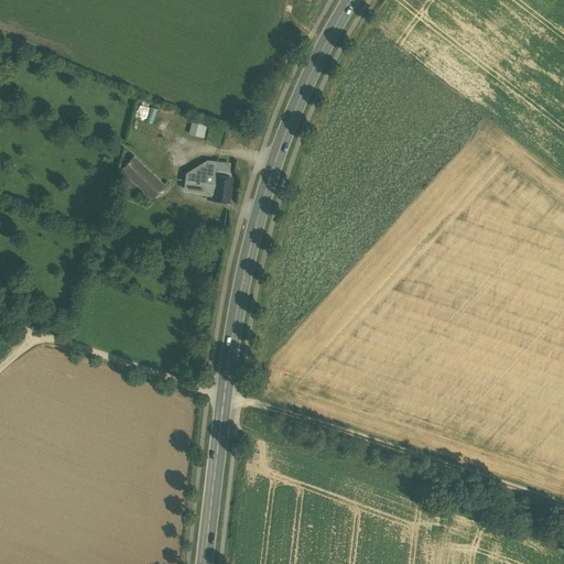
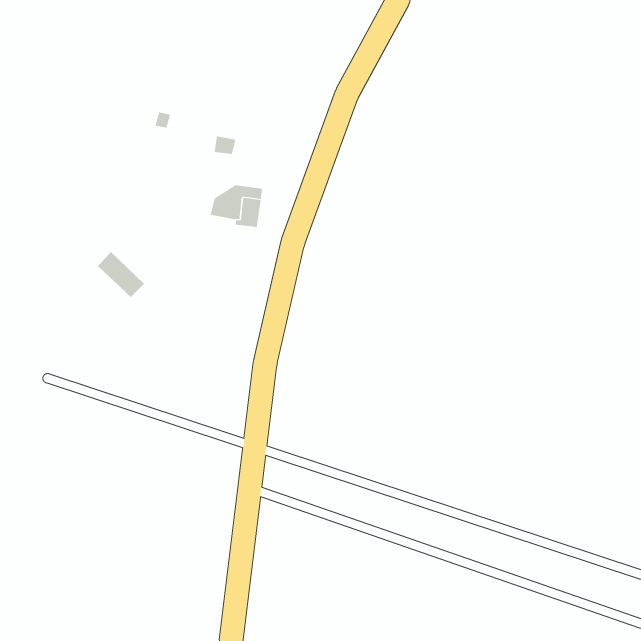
building: [121,155,163,196] -> [97,251,145,298]

